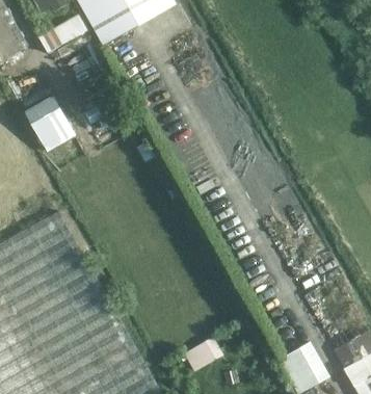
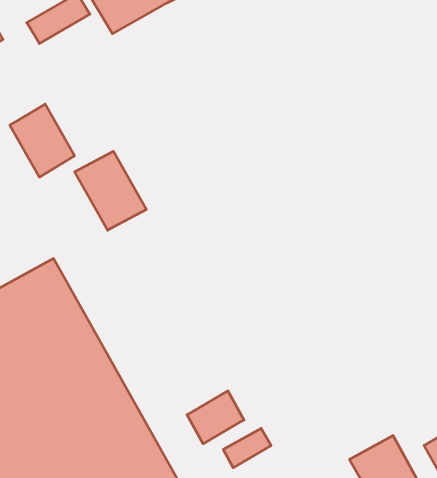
building: none -> [75,151,146,230]
building: none -> [187,391,244,444]

